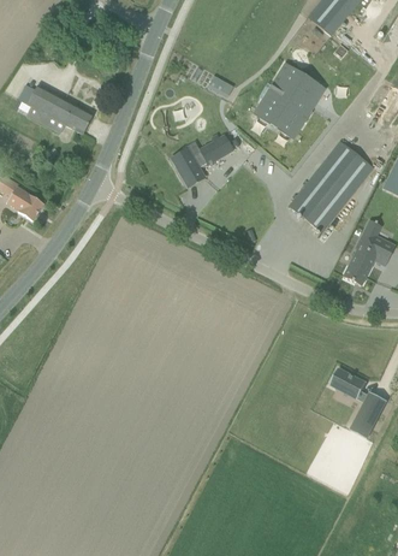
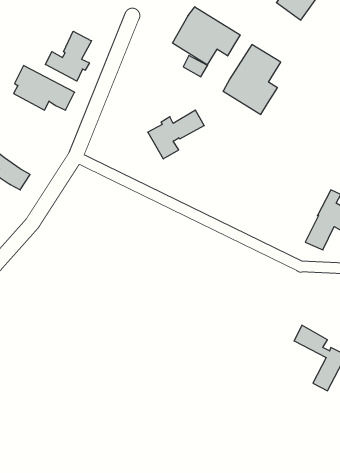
building: none -> [172,7,240,65]
building: none -> [45,31,92,81]
building: [289,141,373,231] -> none

